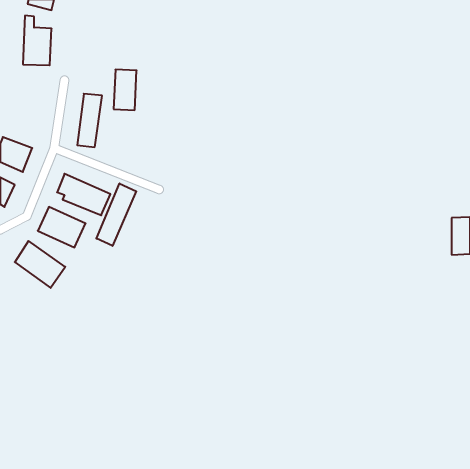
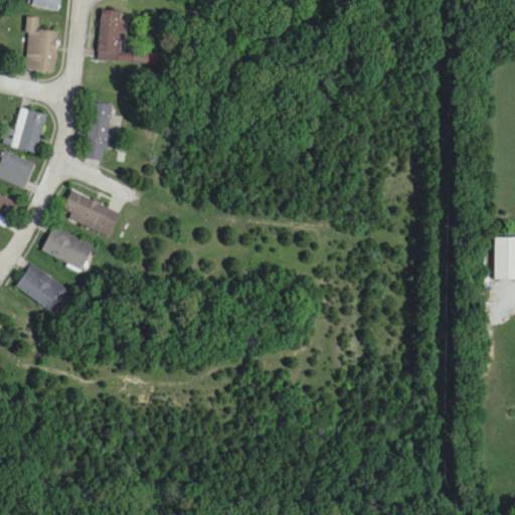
building: [114,70,137,110] -> [98,10,123,54]
building: none -> [11,108,46,152]
building: [96,183,136,246] -> none

